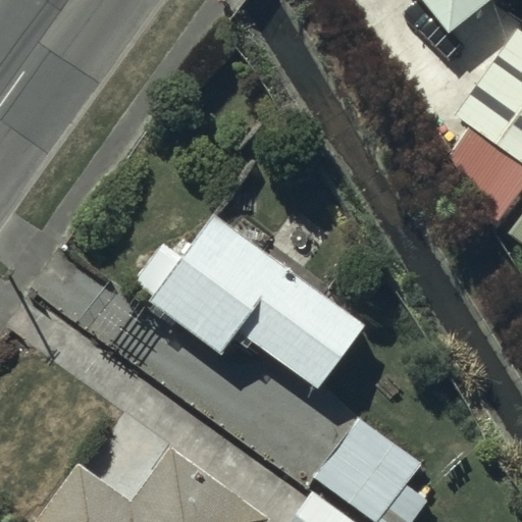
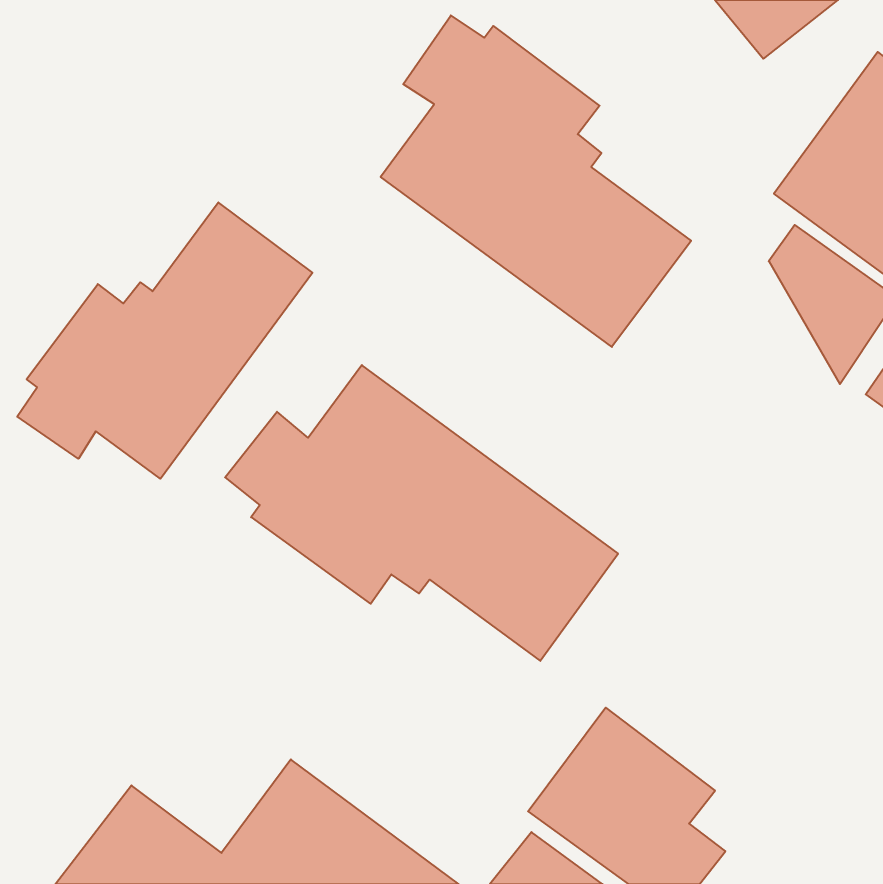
building: none -> [381,15,691,347]
building: none -> [17,202,312,479]

